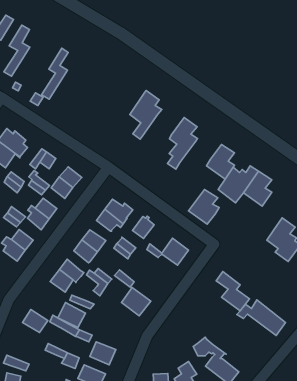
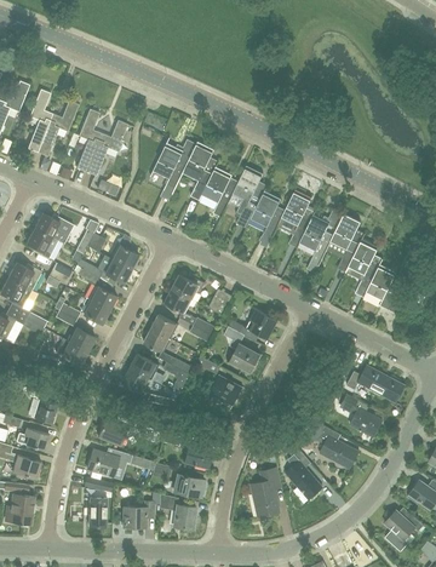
building: none -> [36,99,78,155]
building: none -> [85,120,126,174]
building: none -> [153,138,195,187]
building: none -> [201,166,234,217]
building: [189,189,219,224] -> [249,190,285,230]
building: none -> [348,237,382,279]
building: none -> [223,326,259,371]
building: [216,271,249,311] -> [339,393,382,435]
building: [58,303,85,327] -> [86,448,117,475]

